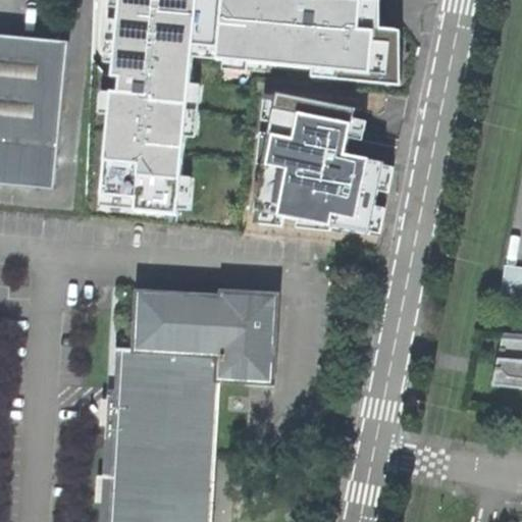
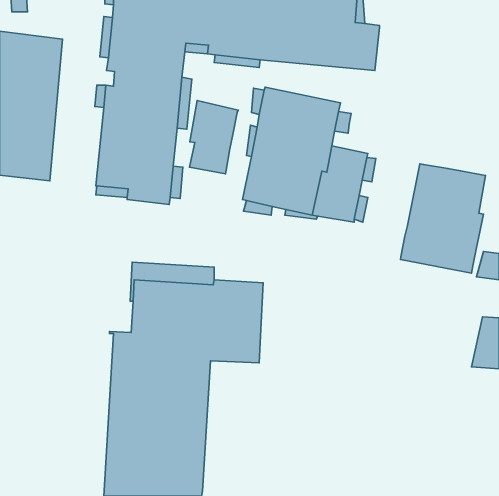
building: [312,29,400,83] -> none
building: none -> [189,100,238,174]
building: none -> [401,164,486,273]

